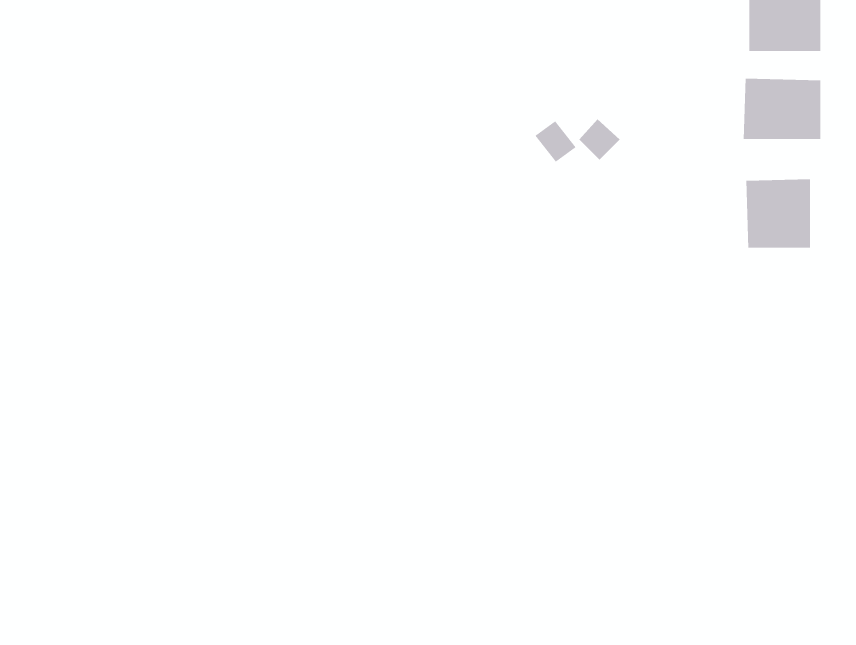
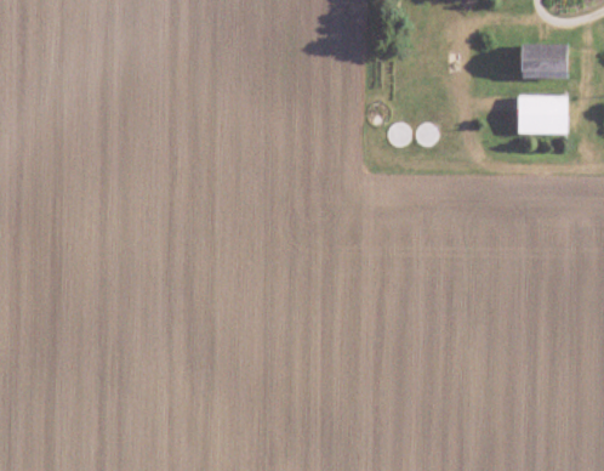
building: [746,178,810,249] -> none

